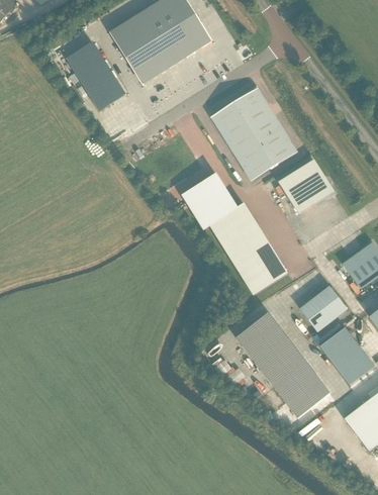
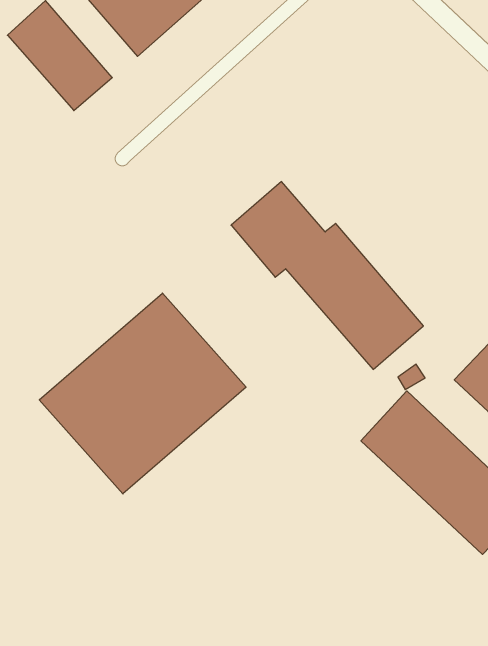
building: [211,84,295,179] -> none
building: [279,160,333,213] -> none
building: none -> [39,293,246,494]

